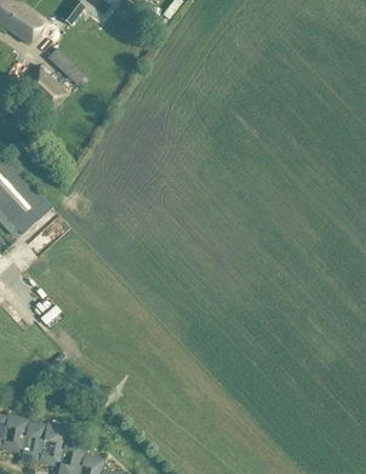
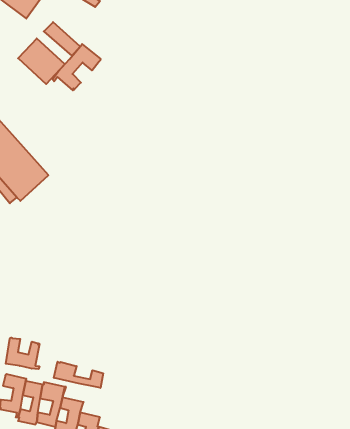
building: none -> [53,44,100,90]
building: none -> [6,338,39,369]
building: none -> [54,362,103,388]

